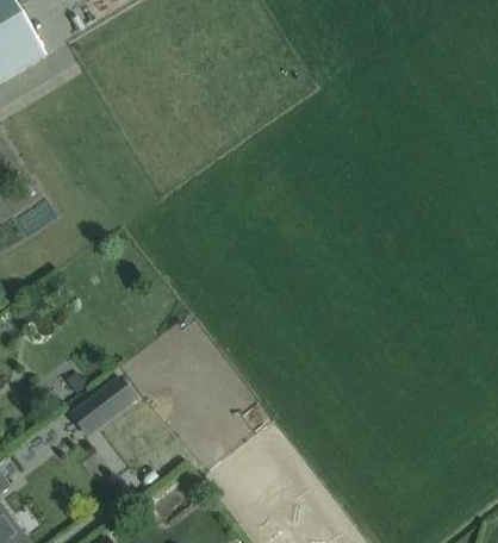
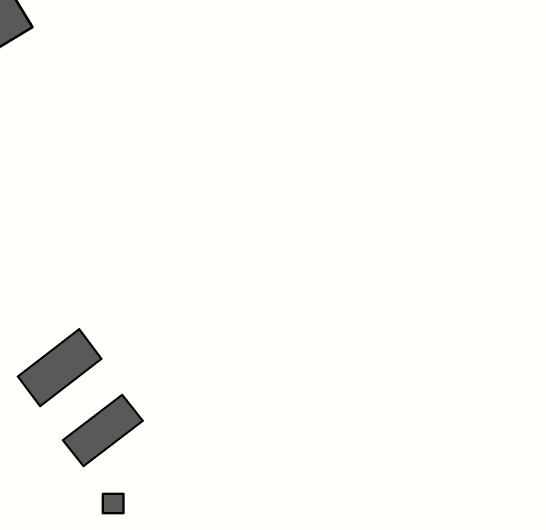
building: none -> [18,329,102,406]

